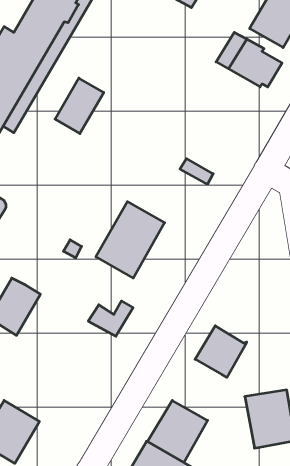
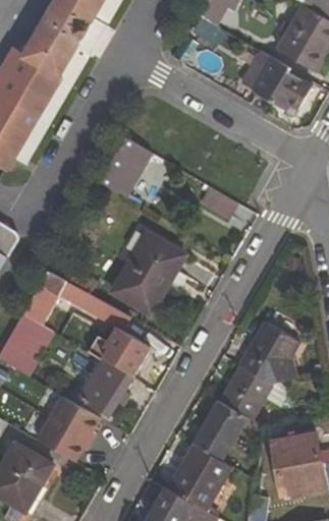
building: [55,78,104,134] -> [99,138,151,197]
building: none -> [21,270,127,327]
building: none -> [238,323,296,384]
building: none -> [78,360,132,414]
building: none -> [36,395,99,462]
building: none -> [193,401,245,461]

